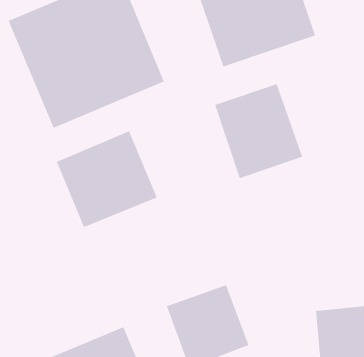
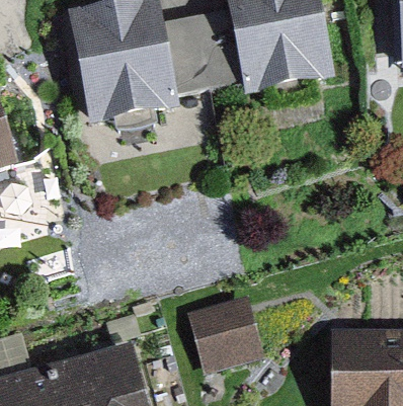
building: [214,83,303,179] -> none
building: [56,130,158,228] -> none

